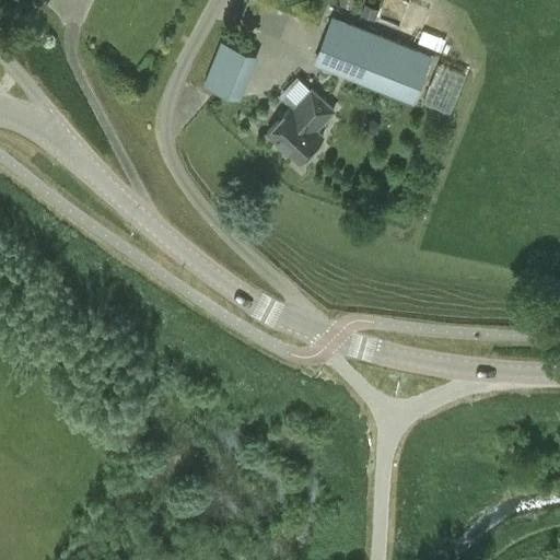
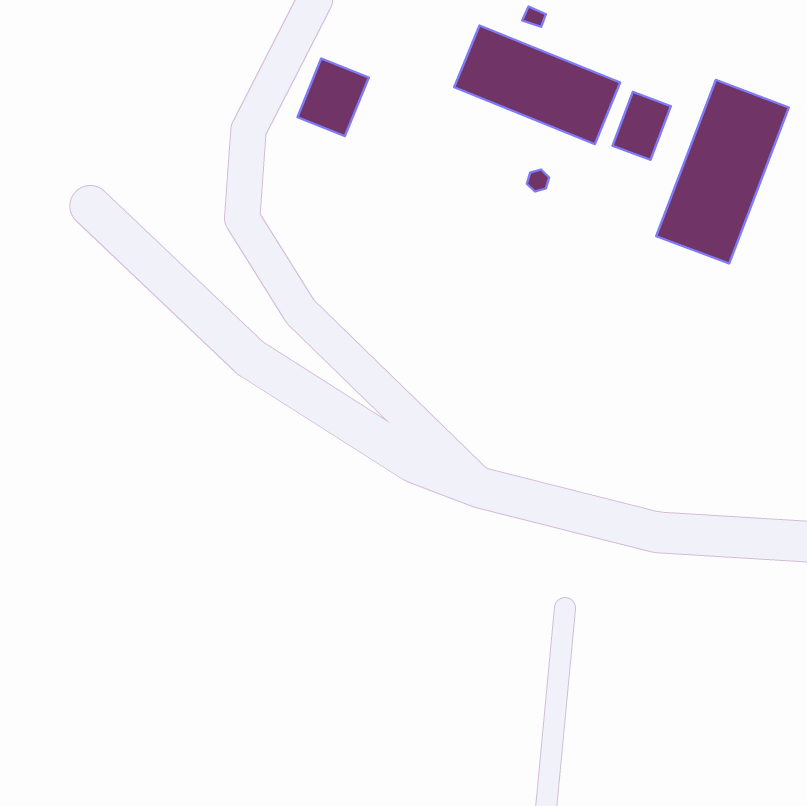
building: none -> [656,80,789,264]
building: [269,90,336,163] -> none

